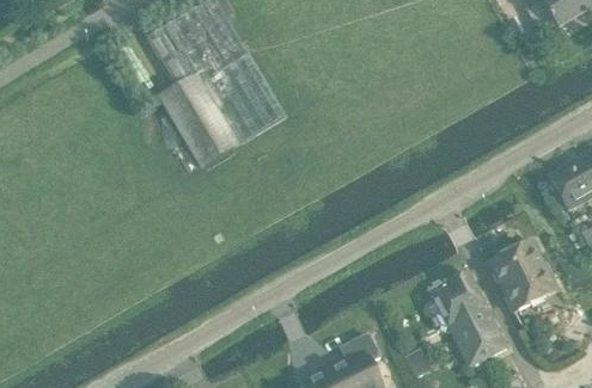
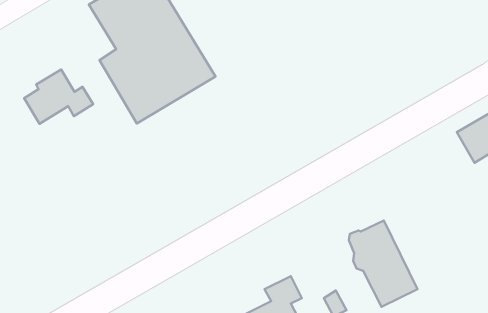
building: none -> [24,69,93,124]
building: [489,241,556,312] -> none

